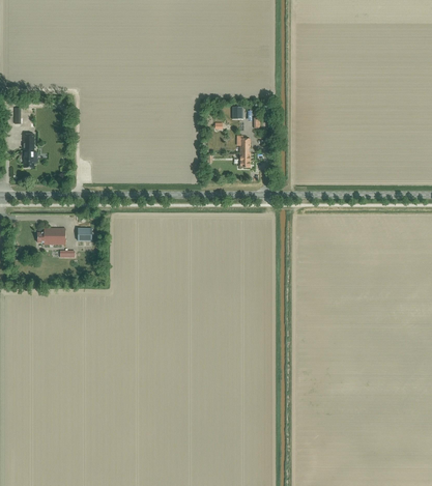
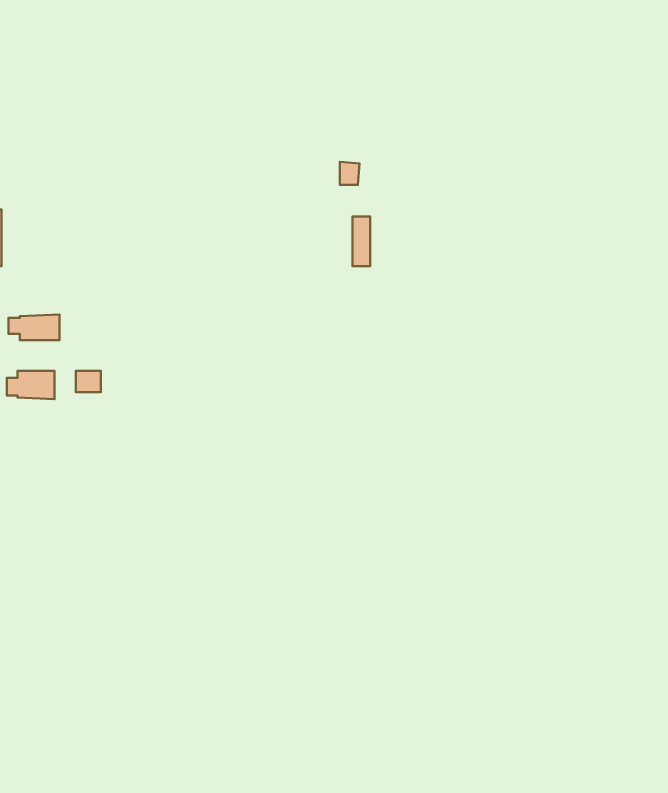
building: none -> [8,315,60,340]

